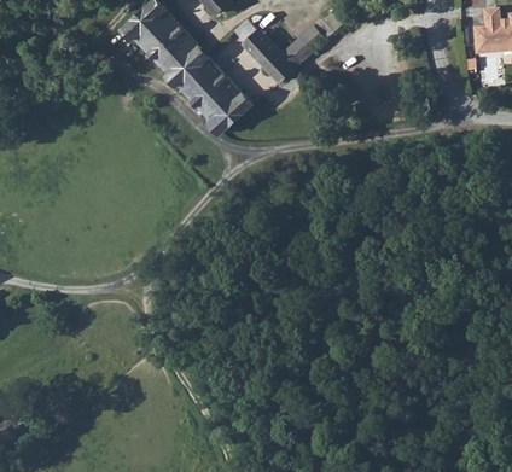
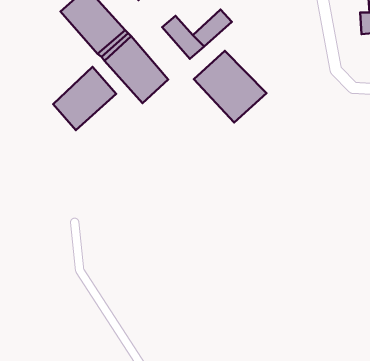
building: none -> [194,51,266,123]
building: none -> [53,67,116,130]

